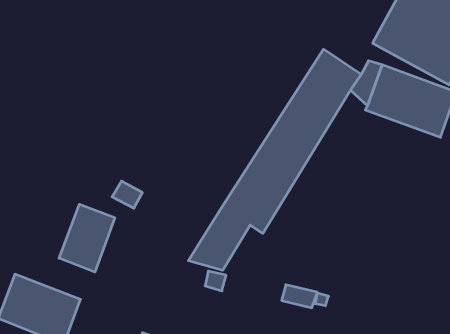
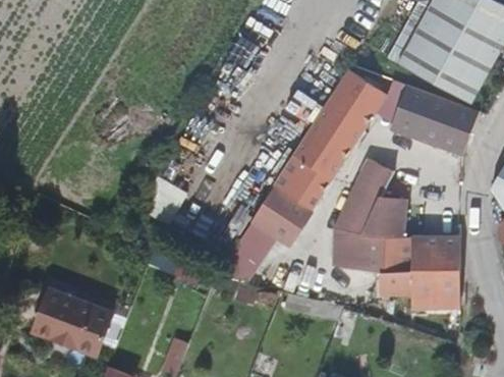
building: none -> [332,159,459,309]
building: [59,204,115,272] -> none

